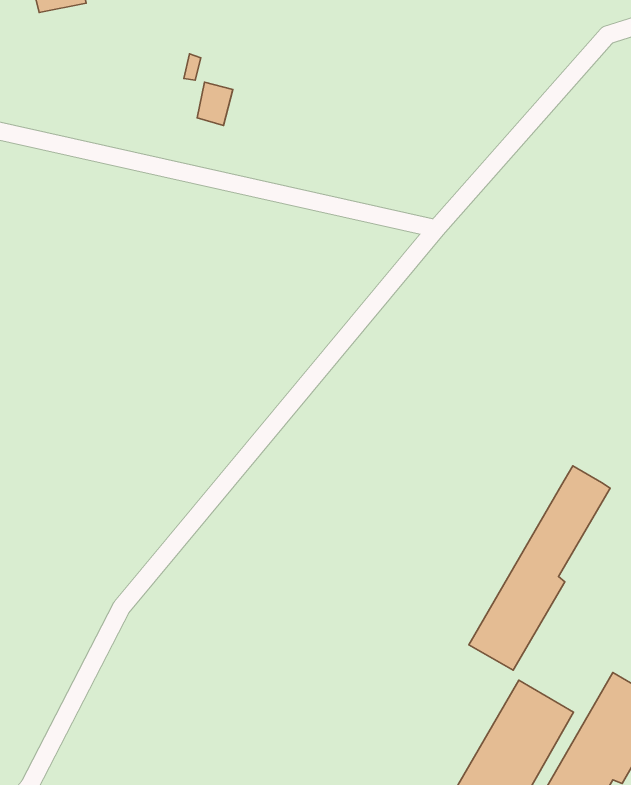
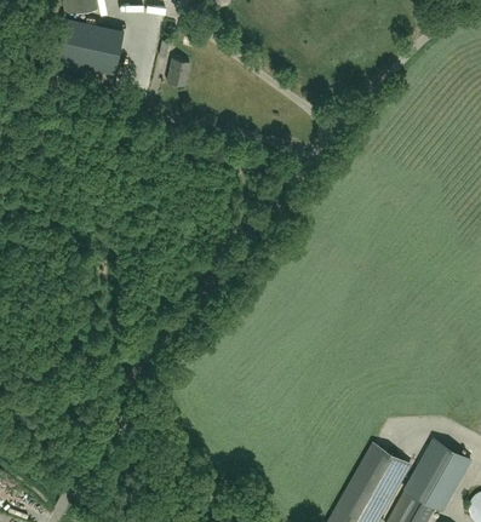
building: none -> [55,18,122,73]
building: [469,466,610,670] -> none

